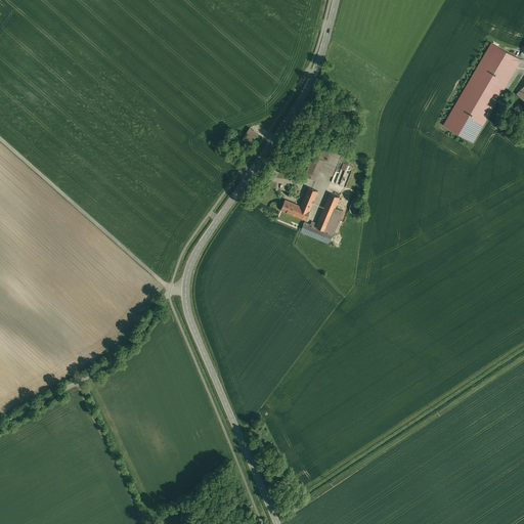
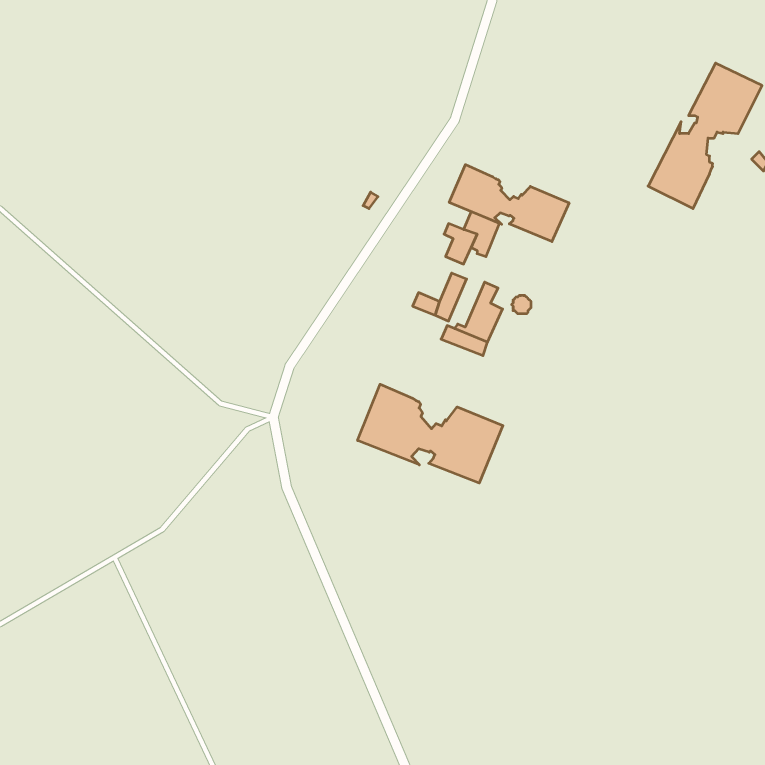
building: none -> [449,165,569,242]
building: none -> [358,384,503,483]

